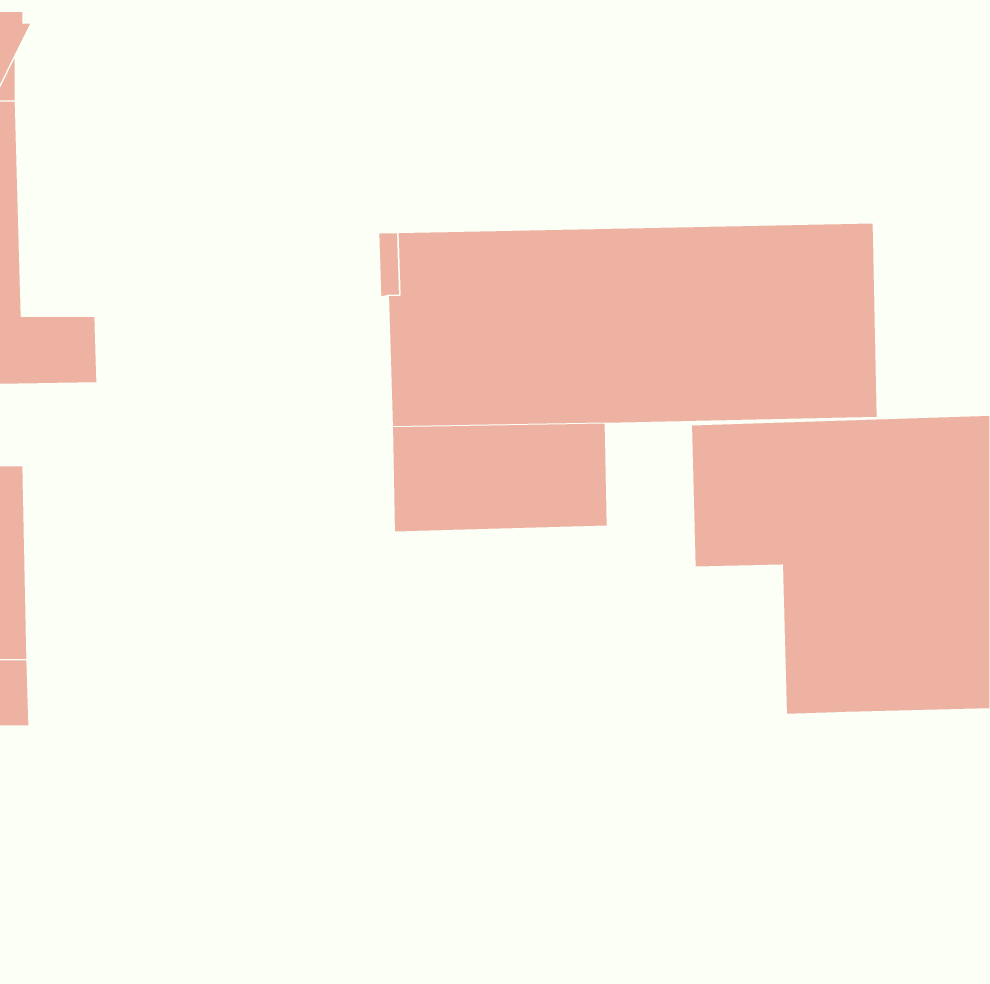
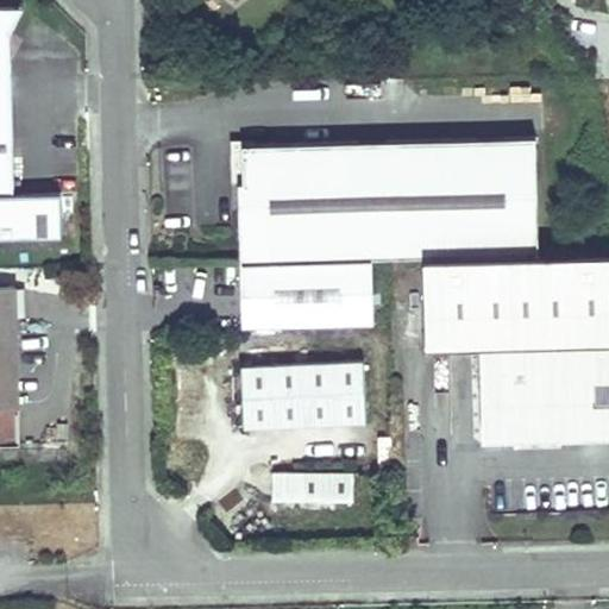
building: none -> [241,364,365,431]
building: none -> [270,476,352,508]

